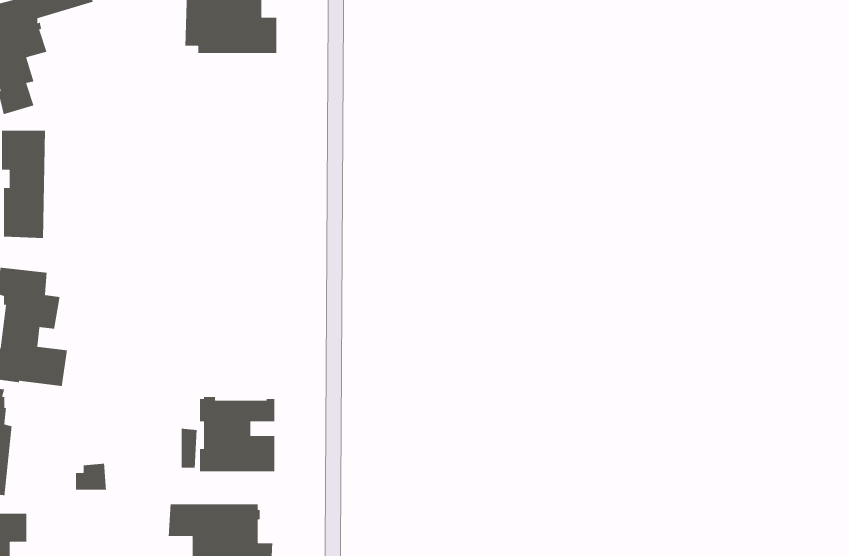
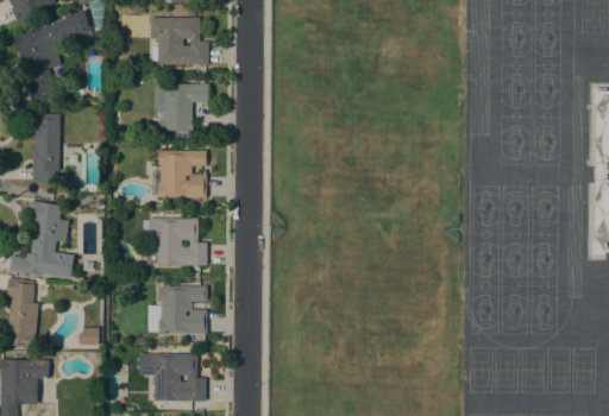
building: none -> [155,83,209,130]
building: none -> [158,150,207,197]
building: none -> [143,218,208,265]

